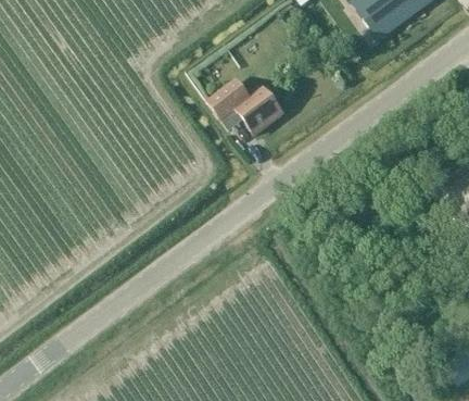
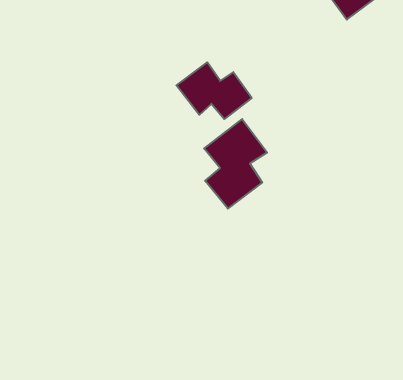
building: none -> [204,119,267,209]

